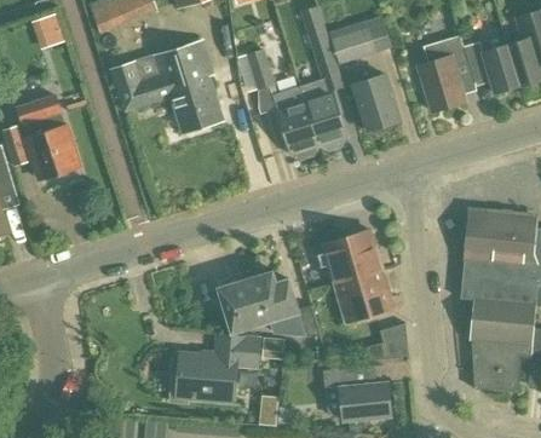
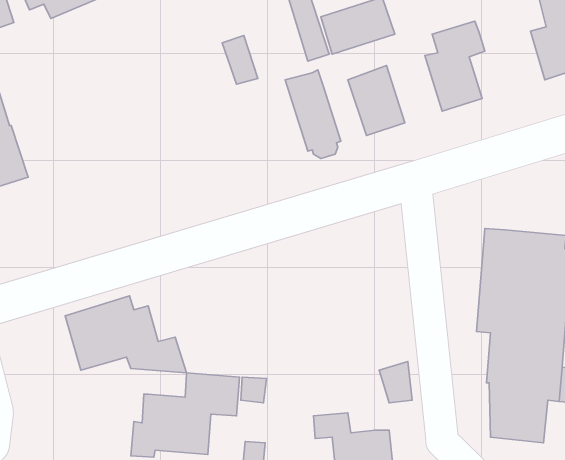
building: [110,40,224,134] -> none
building: [464,42,519,93] -> none
building: [272,86,318,159] -> none
building: [323,230,393,322] -> none
building: [218,271,321,336] -> [65,296,187,373]

